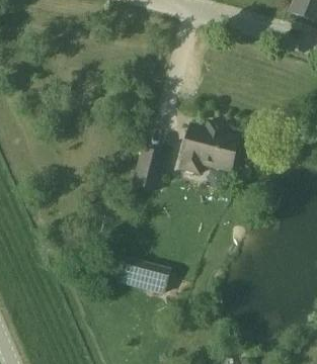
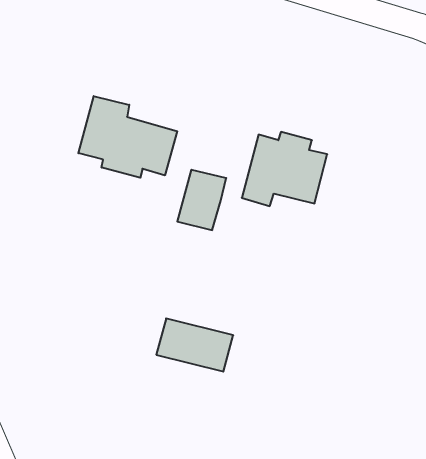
building: none -> [78,96,177,178]

